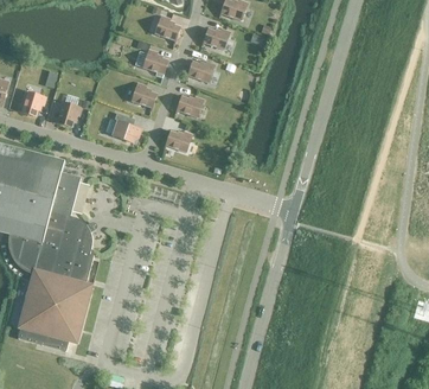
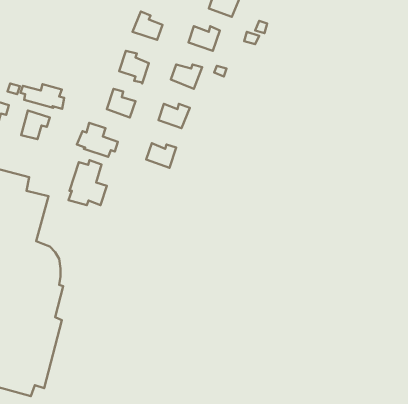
building: none -> [20,84,64,109]
building: none -> [69,160,107,205]

